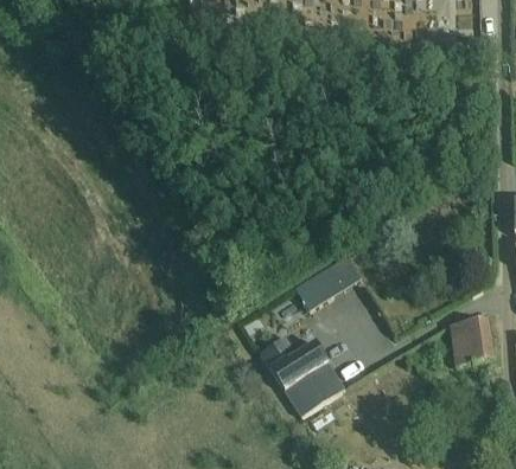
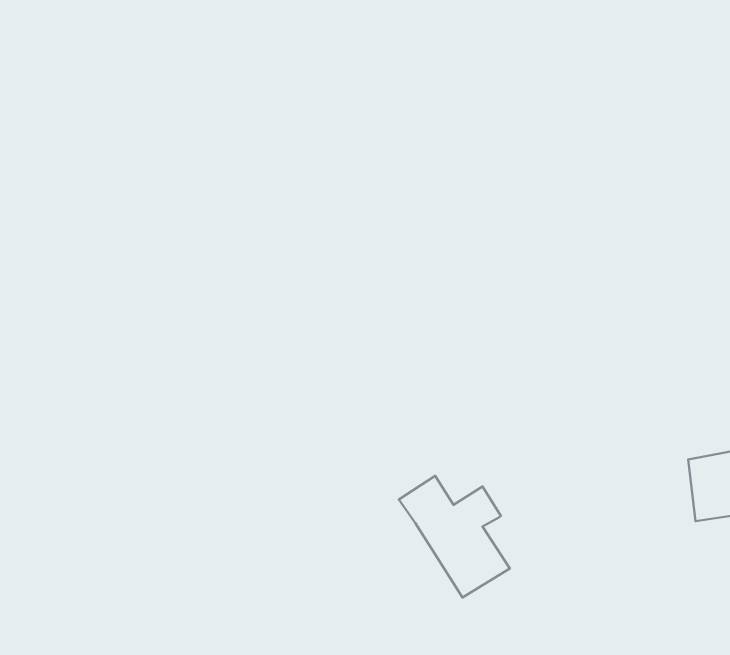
building: [294,253,362,311] -> none

